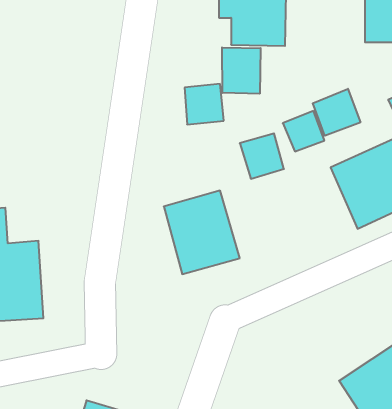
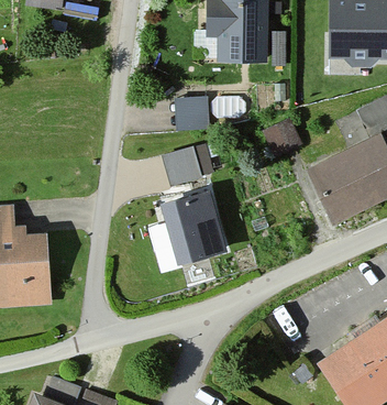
building: [222,47,261,94] -> none
building: [313,89,360,136] -> none
building: [240,133,284,179] -> [163,147,202,188]

